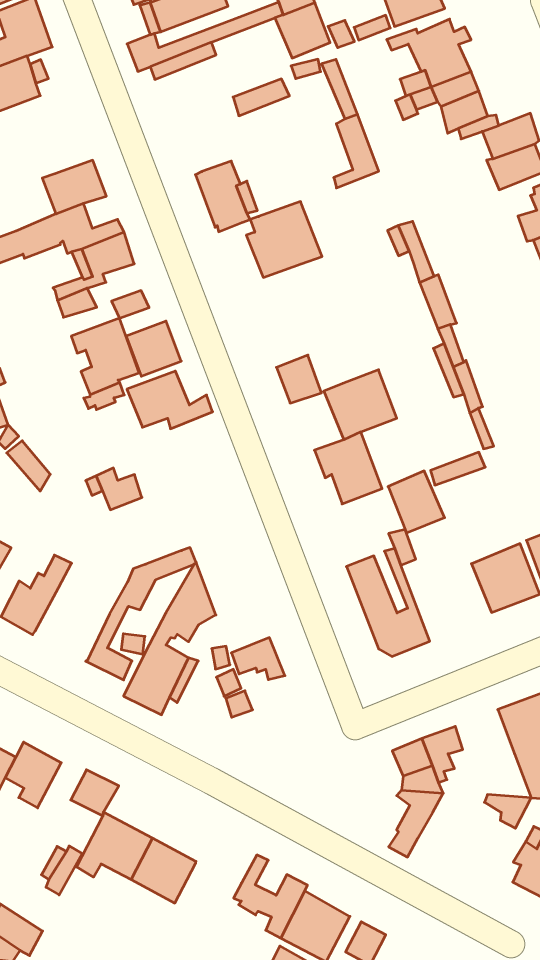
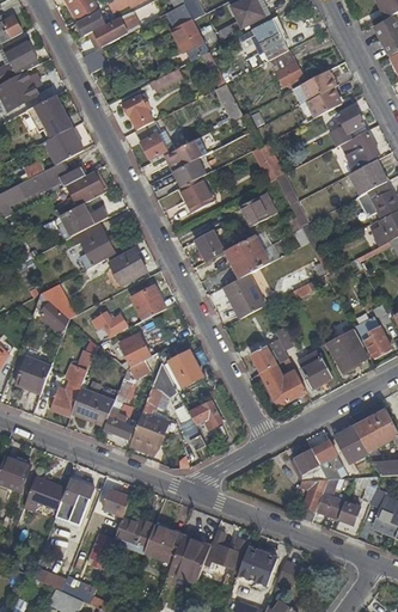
building: none -> [25,94,73,139]
building: none -> [122,94,153,127]
building: none -> [179,175,214,210]
building: none -> [238,188,277,224]
building: [126,321,181,376] -> [131,283,166,318]
building: [388,471,445,533] -> [295,347,331,385]
building: none -> [121,333,152,365]
building: none -> [167,349,202,386]
building: none -> [71,385,114,422]
building: none -> [332,426,365,460]
building: none -> [313,491,360,524]
building: none -> [171,539,212,581]

